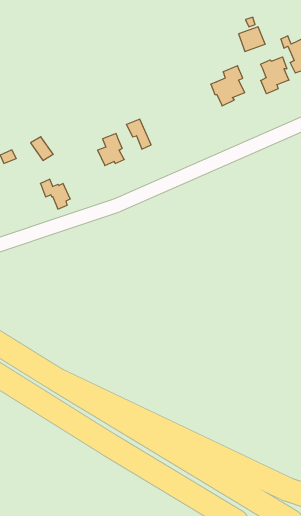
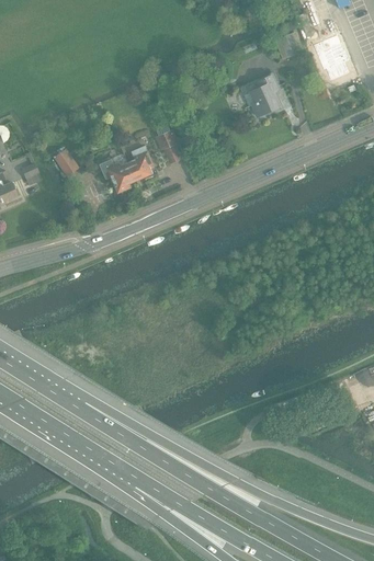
building: [261,57,289,94] -> none
building: [40,179,70,209] -> [100,159,132,191]

